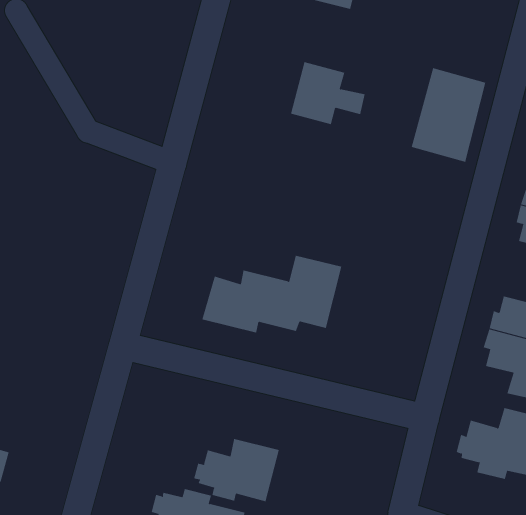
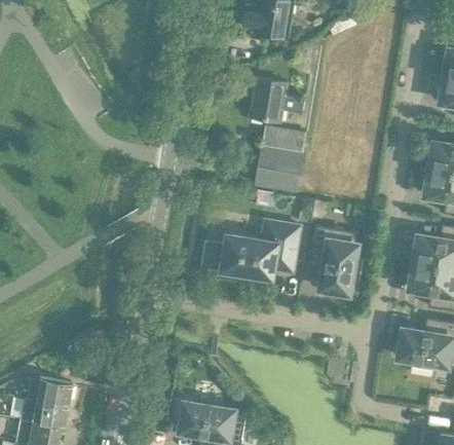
building: [411,68,486,162] -> [256,125,306,192]
building: none -> [309,225,362,297]
building: [193,438,280,502] -> none

